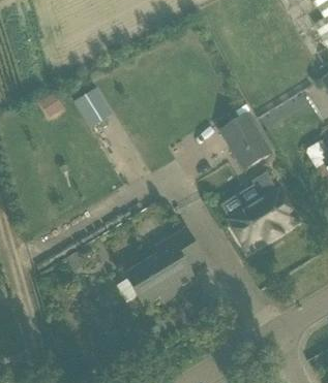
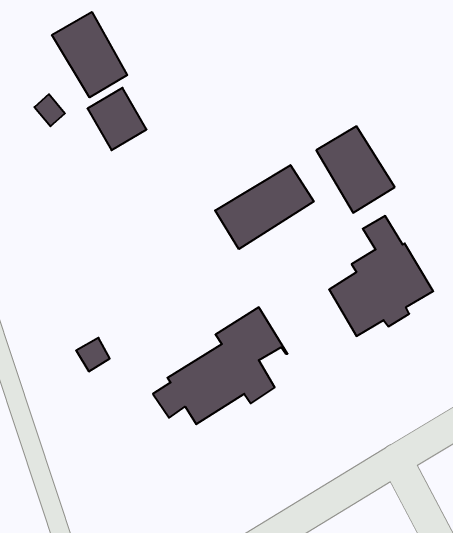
building: none -> [52,12,127,97]
building: none -> [215,165,314,249]

